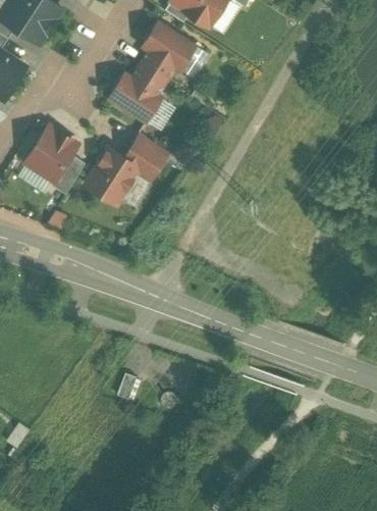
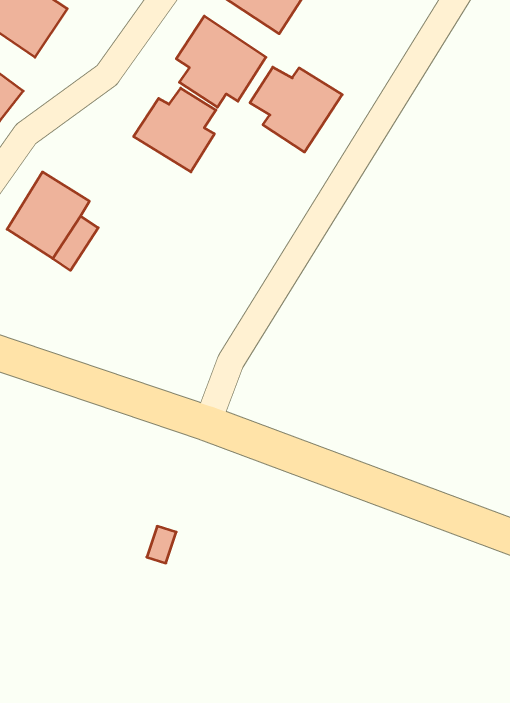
building: none -> [250,67,342,152]
building: [80,138,167,208] -> none

